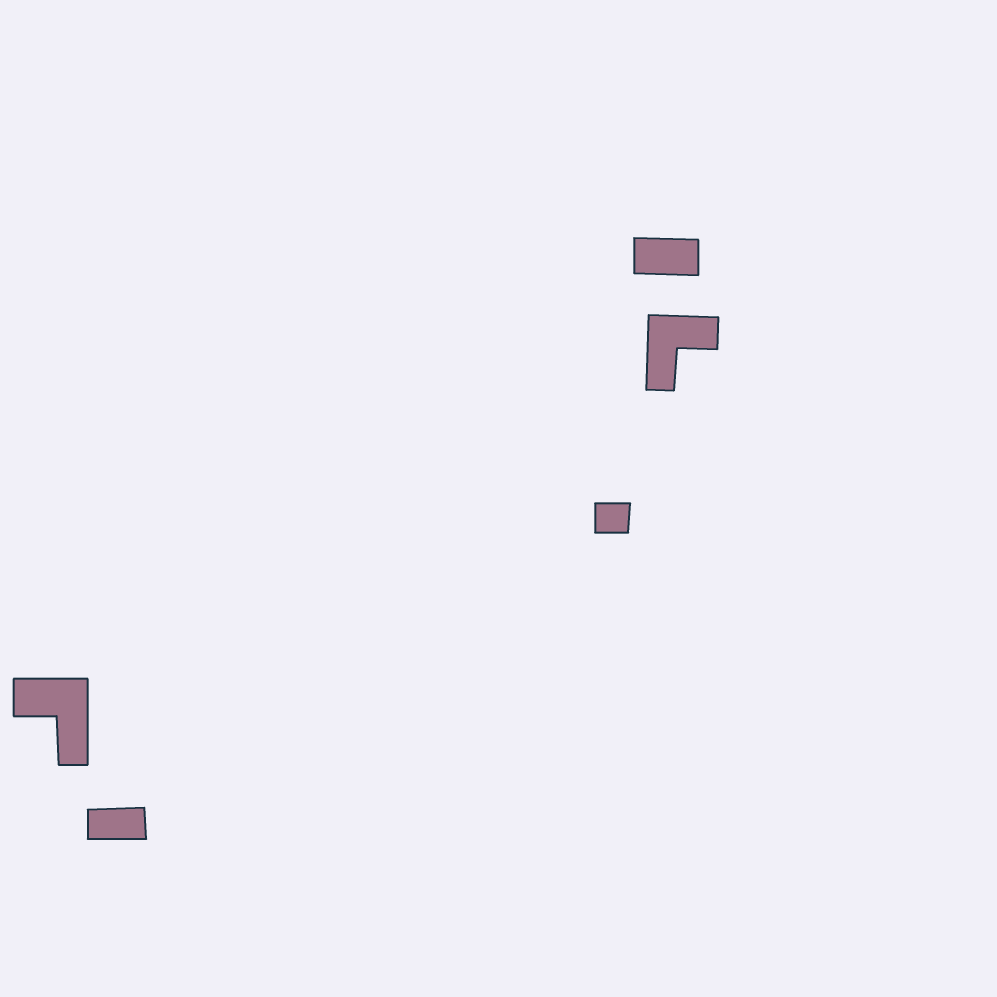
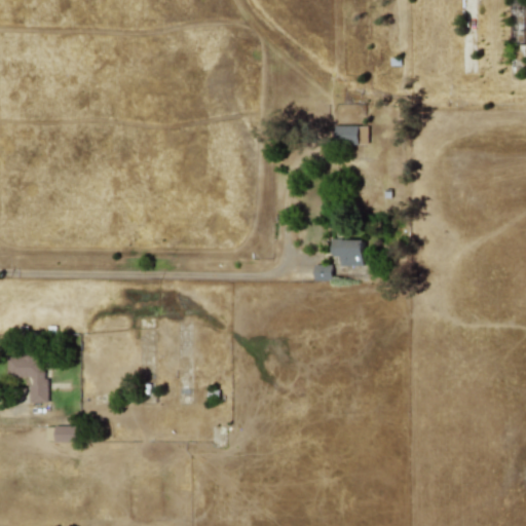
building: [646,315,718,391] -> none
building: none -> [331,239,364,266]

